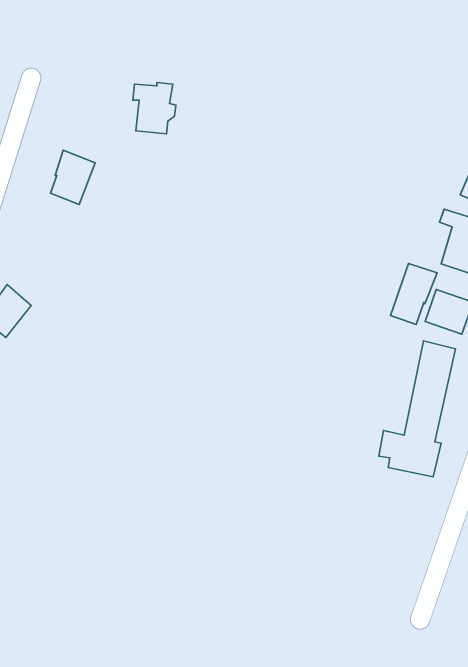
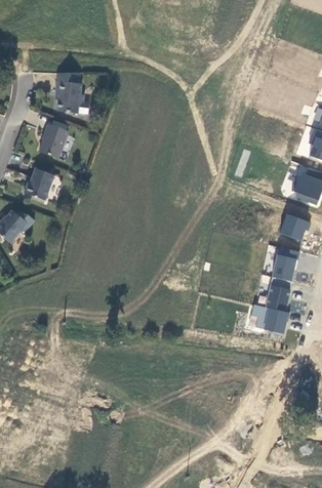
building: [133,83,176,134] -> [55,80,83,113]
building: none -> [24,168,54,200]
building: [390,264,437,324] -> none

